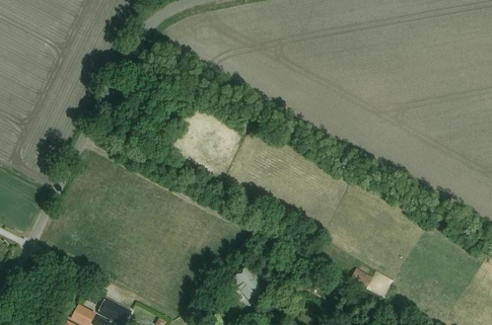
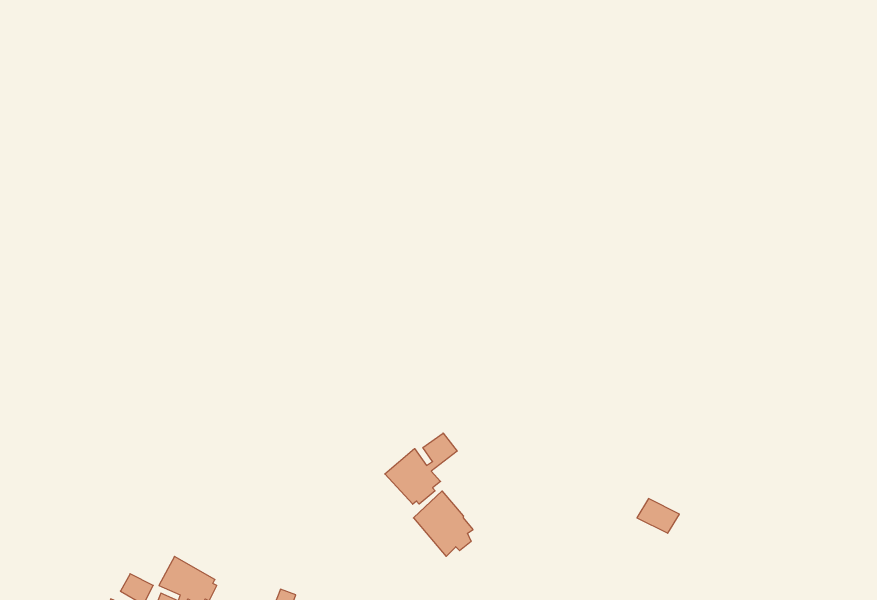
building: none -> [385,433,457,504]

